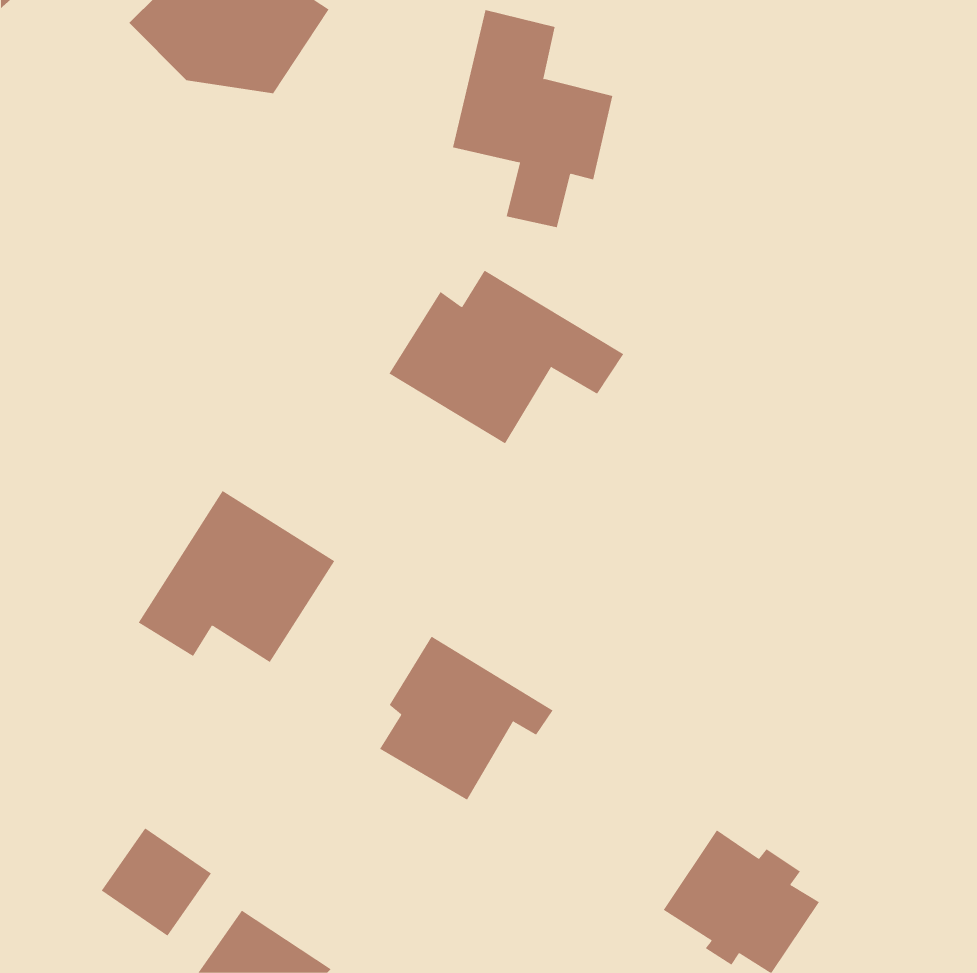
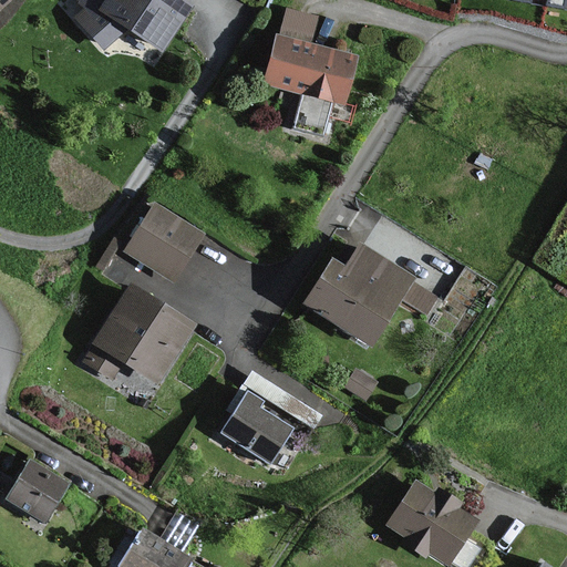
building: [389,270,624,444] -> [303,245,440,346]
building: none -> [125,203,205,284]
building: [101,827,212,937] -> [6,458,70,522]

